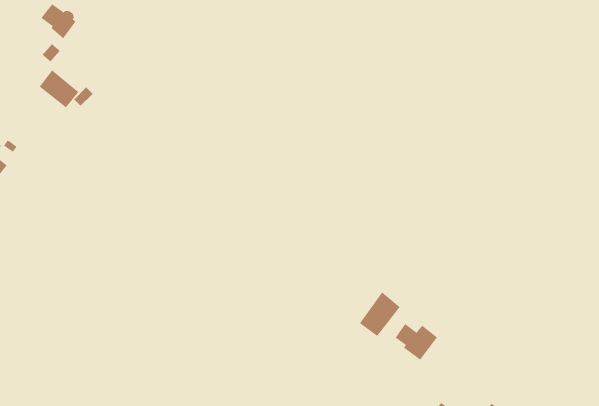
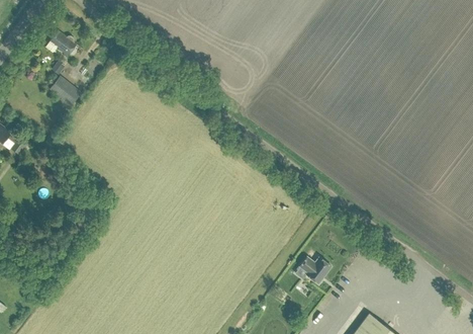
building: [359,292,401,337] -> none

